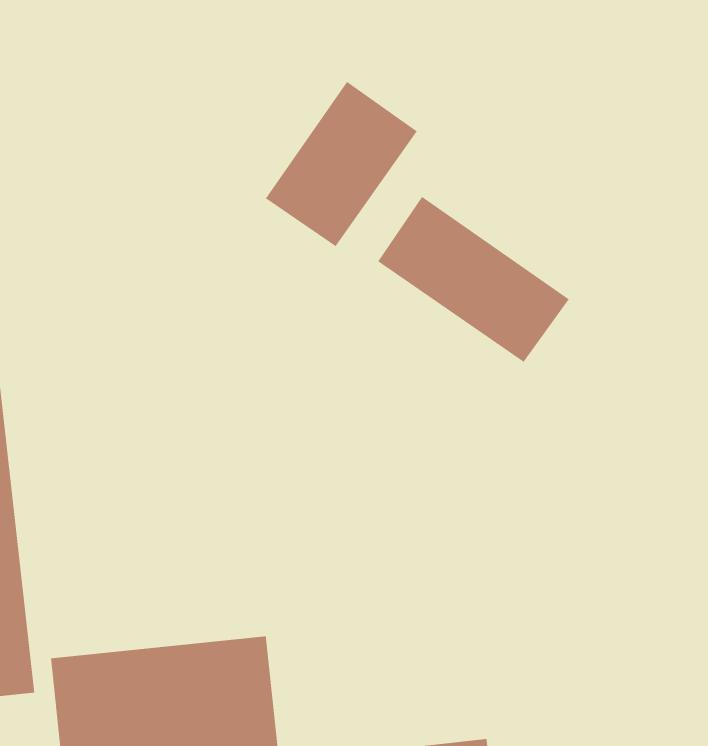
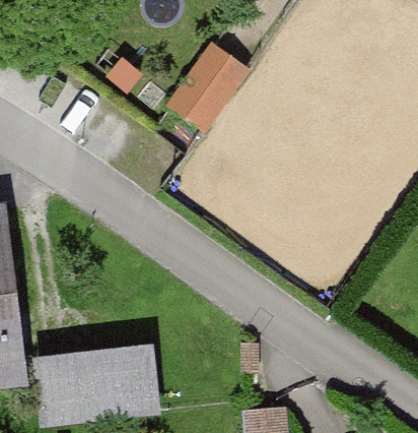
building: [377,196,570,363] -> none

